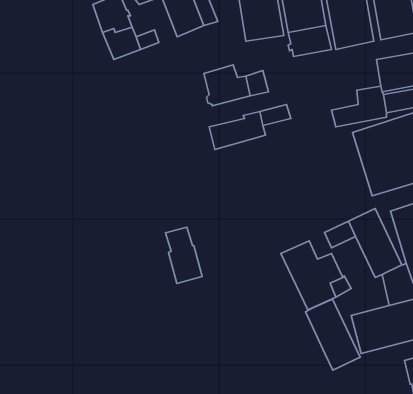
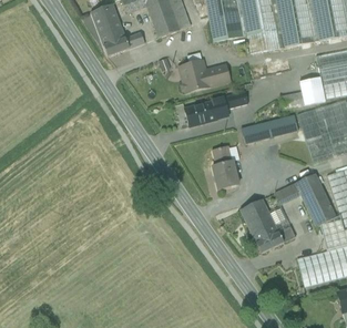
building: none -> [239,115,297,143]
building: [166,227,202,283] -> [210,146,238,191]
building: [306,299,360,370] -> none

